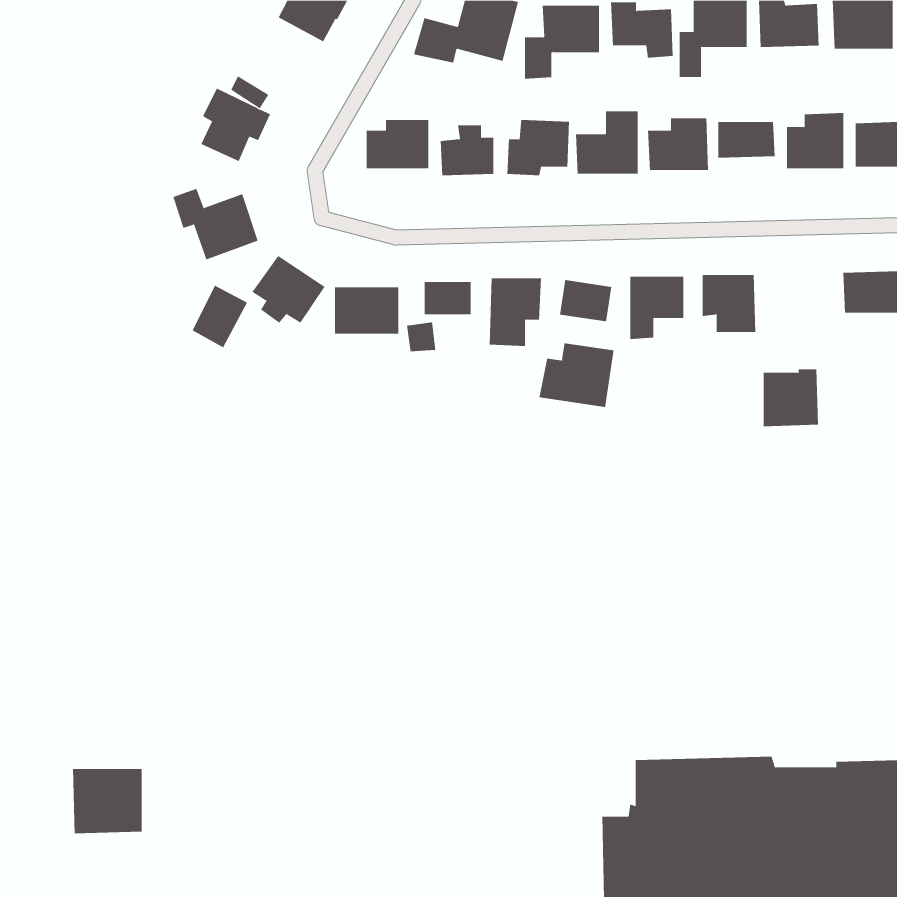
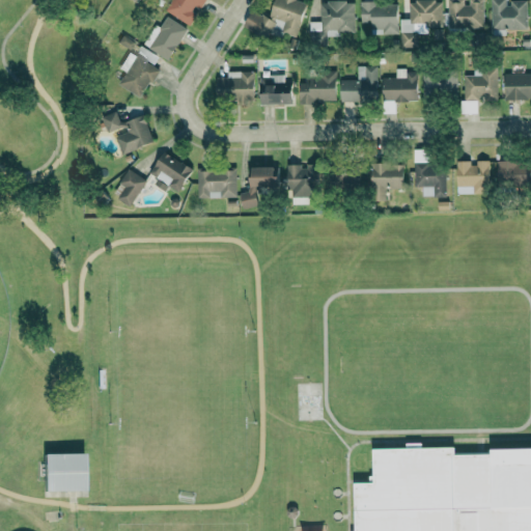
building: none -> [145,16,188,60]
building: [539,342,614,408] -> none
building: [763,369,819,427] -> [457,161,491,195]

